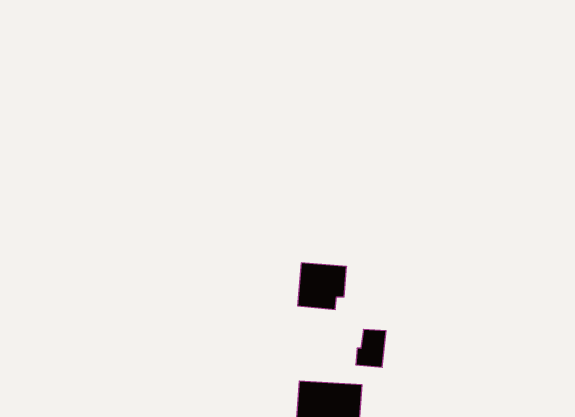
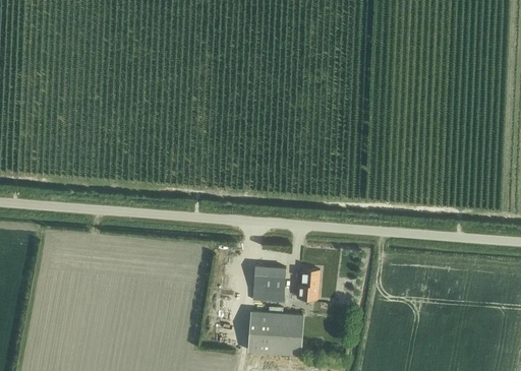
building: [298,263,347,309] -> [252,267,292,305]

